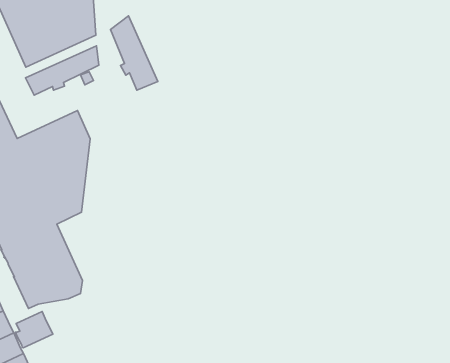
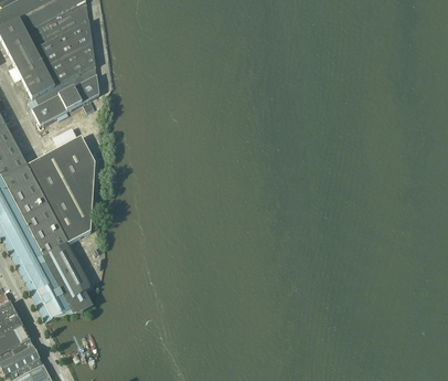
building: [111,16,158,90] -> none
building: [16,312,53,348] -> none

